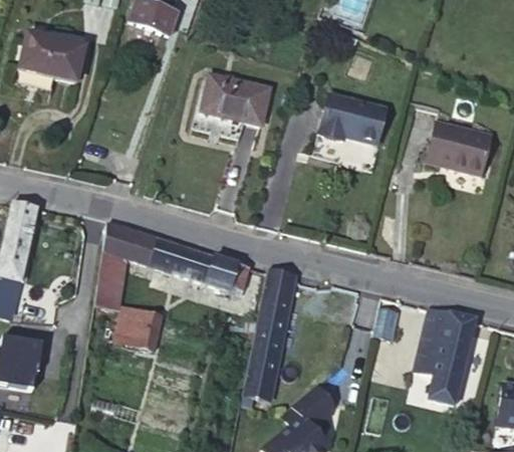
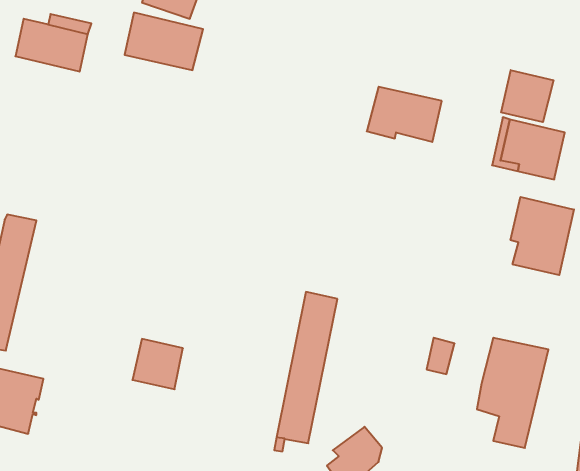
building: [203,74,270,124] -> [125,13,203,70]
building: none -> [501,70,554,122]
building: none -> [511,197,574,275]
building: [94,222,250,307] -> none

